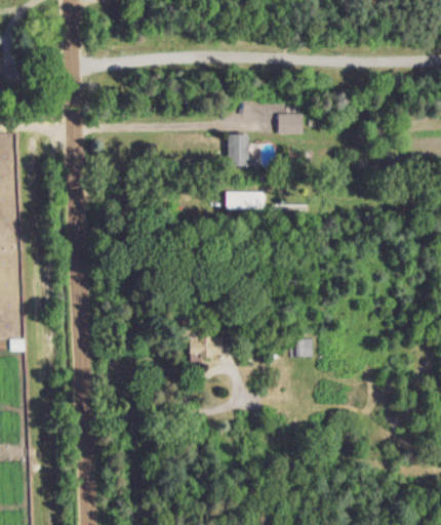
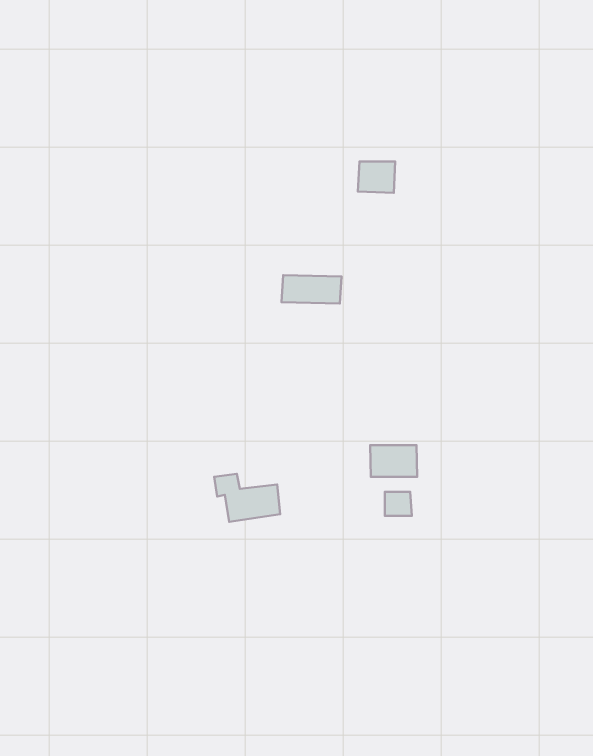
building: [227,133,247,165] -> none
building: none -> [370,445,417,477]

